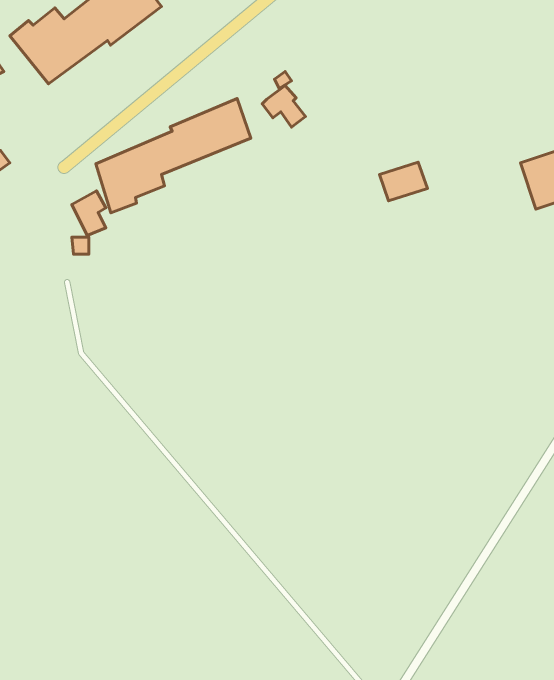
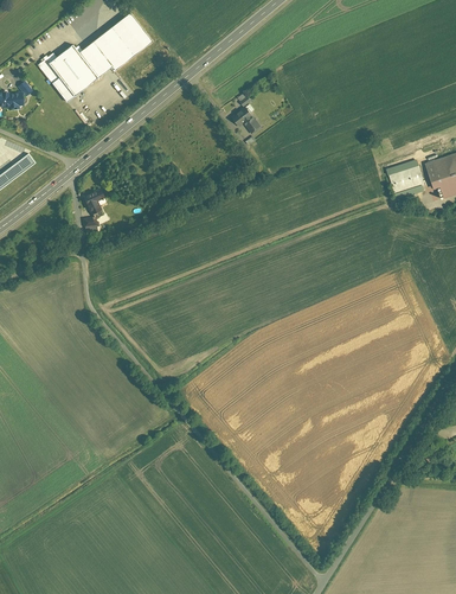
building: [96,99,251,213] -> none
building: [379,162,427,201] -> [387,165,424,194]

